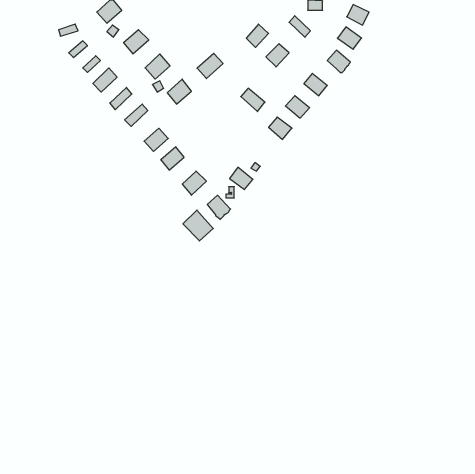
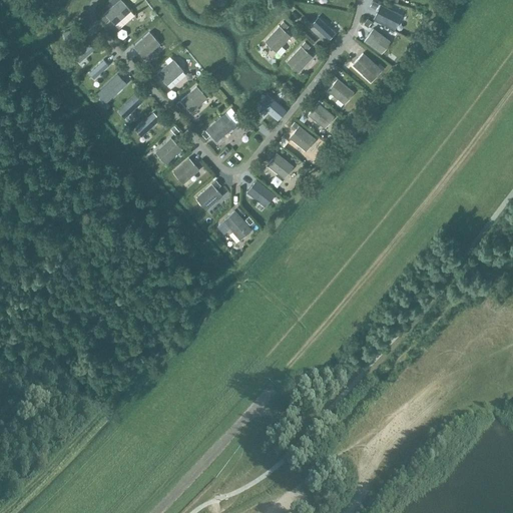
building: [197,53,223,79] -> [206,115,234,142]
building: none -> [270,155,298,181]
building: [183,210,213,241] -> none

